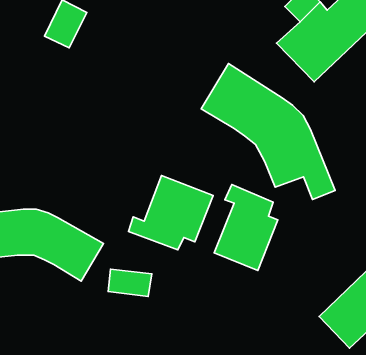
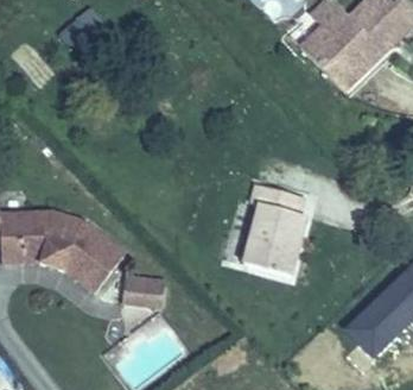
building: [201,64,335,199] -> none
building: [129,176,213,250] -> none

